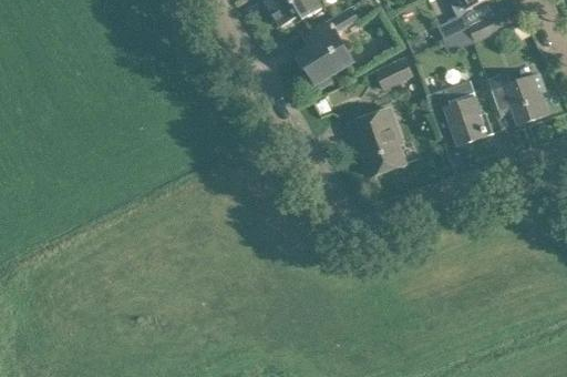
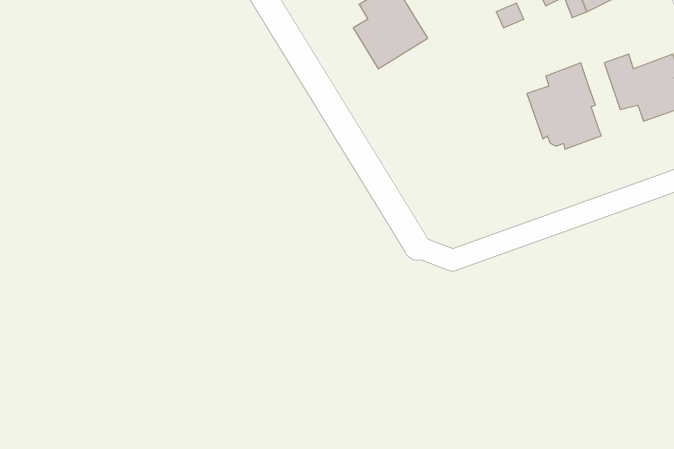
building: [375,58,413,89] -> none
building: [348,108,405,176] -> none

